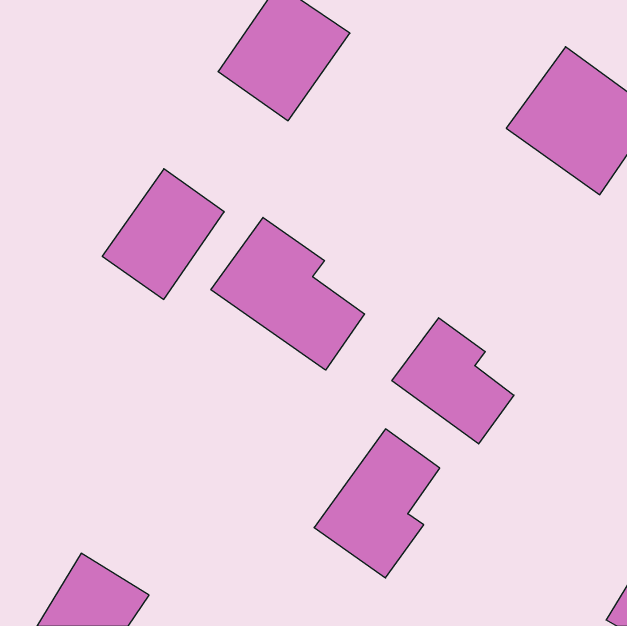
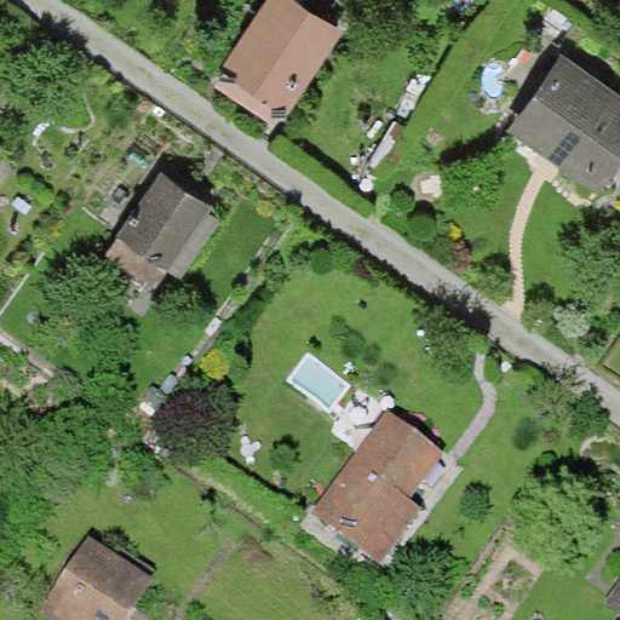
building: [211,217,365,370] -> none
building: [392,318,514,444] -> none

